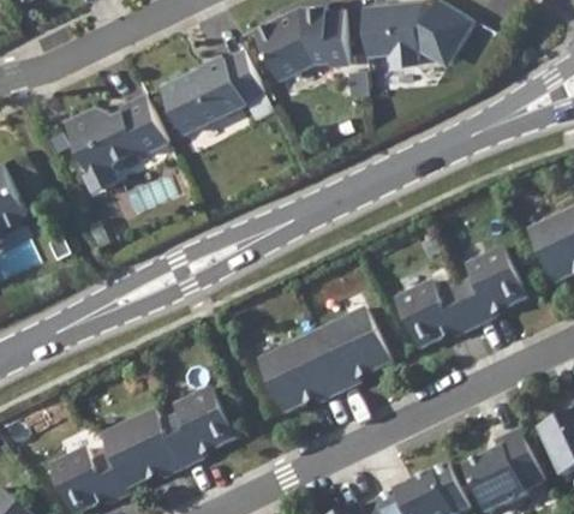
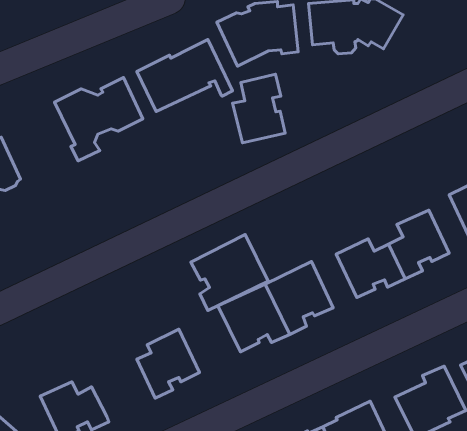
building: none -> [233,74,285,143]
building: none -> [191,235,268,311]
building: [100,408,183,489] -> none

